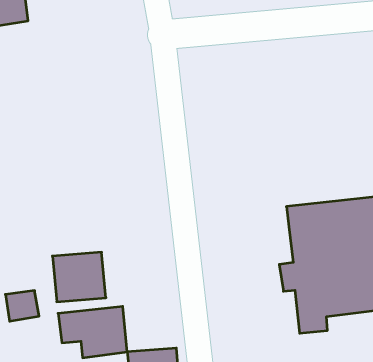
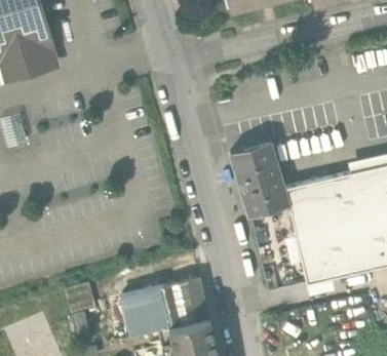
building: none -> [233,143,289,217]
building: [52,252,106,302] -> [161,281,209,326]

